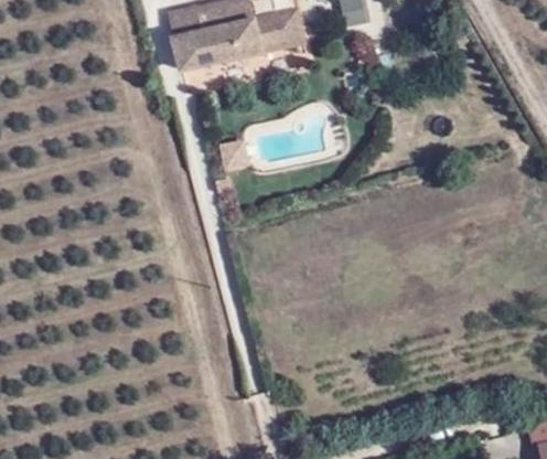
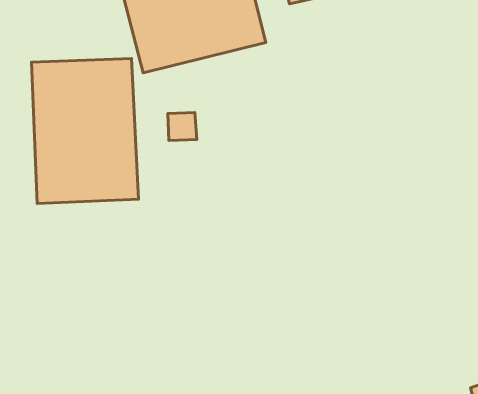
building: none -> [32,58,138,203]

